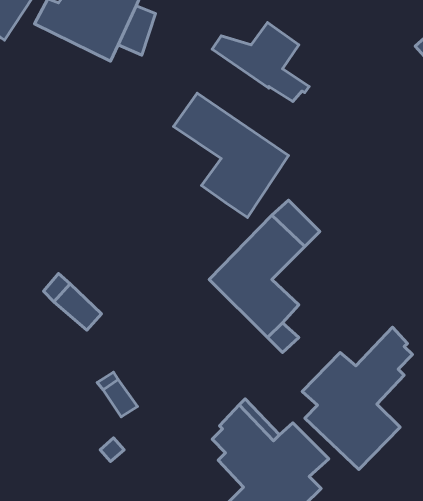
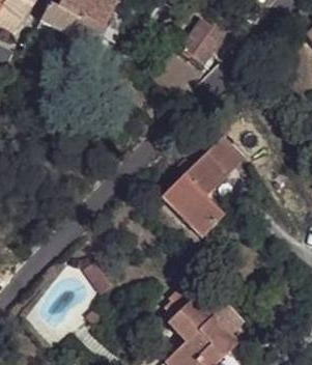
building: [173,93,288,217] -> none
building: [302,327,412,469] -> none

